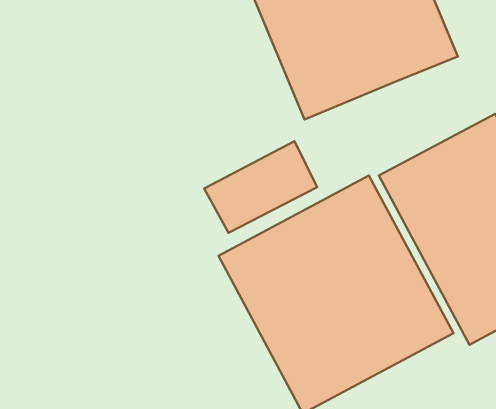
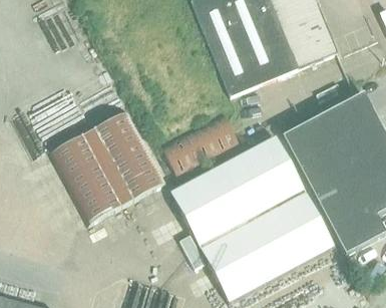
building: none -> [49,111,166,226]

